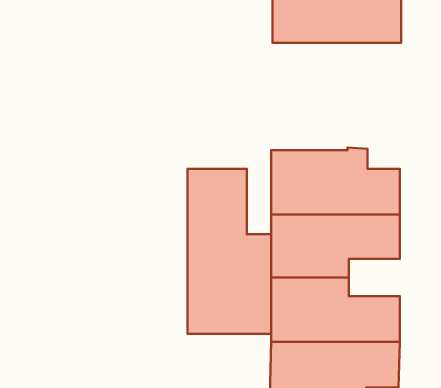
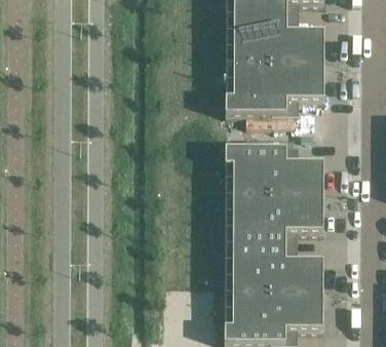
building: none -> [226,64,325,114]
building: [188,169,271,334] -> none

